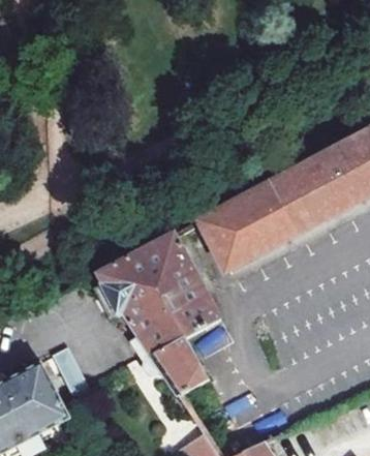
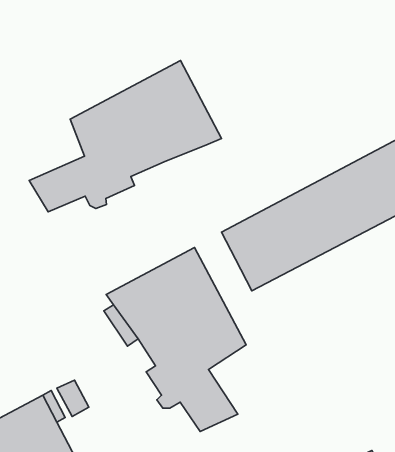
building: none -> [29,61,221,212]

